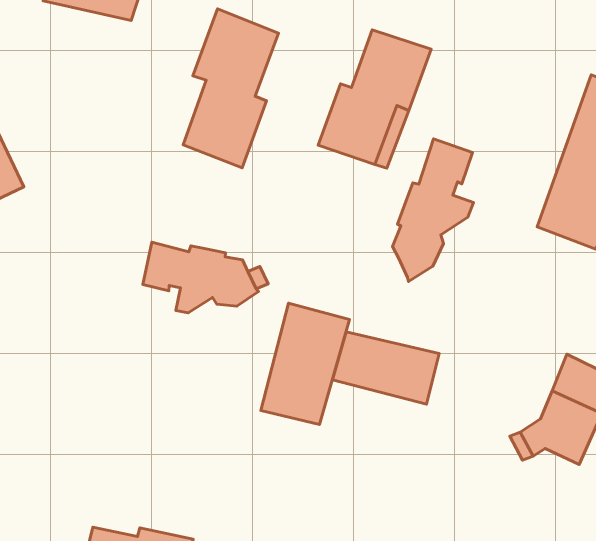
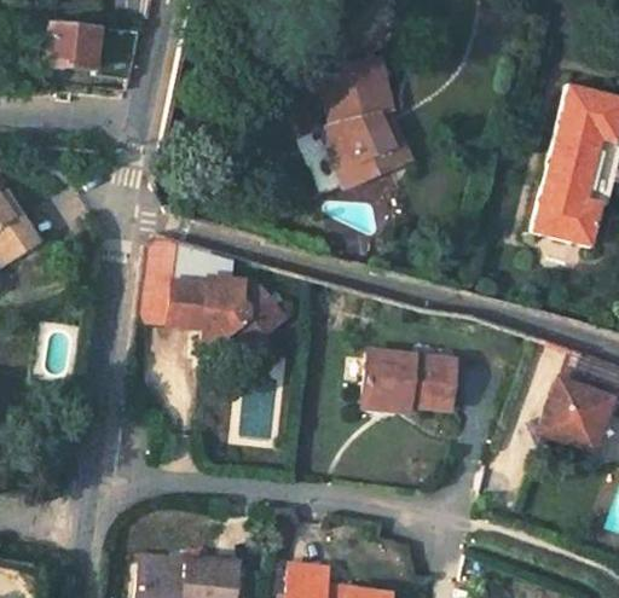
building: [183,9,278,168] -> none
building: [393,139,473,281] -> none
building: none -> [135,245,218,324]
building: [261,303,350,424] -> none

